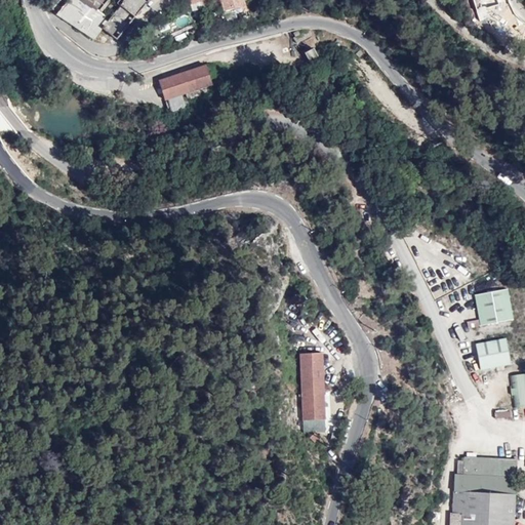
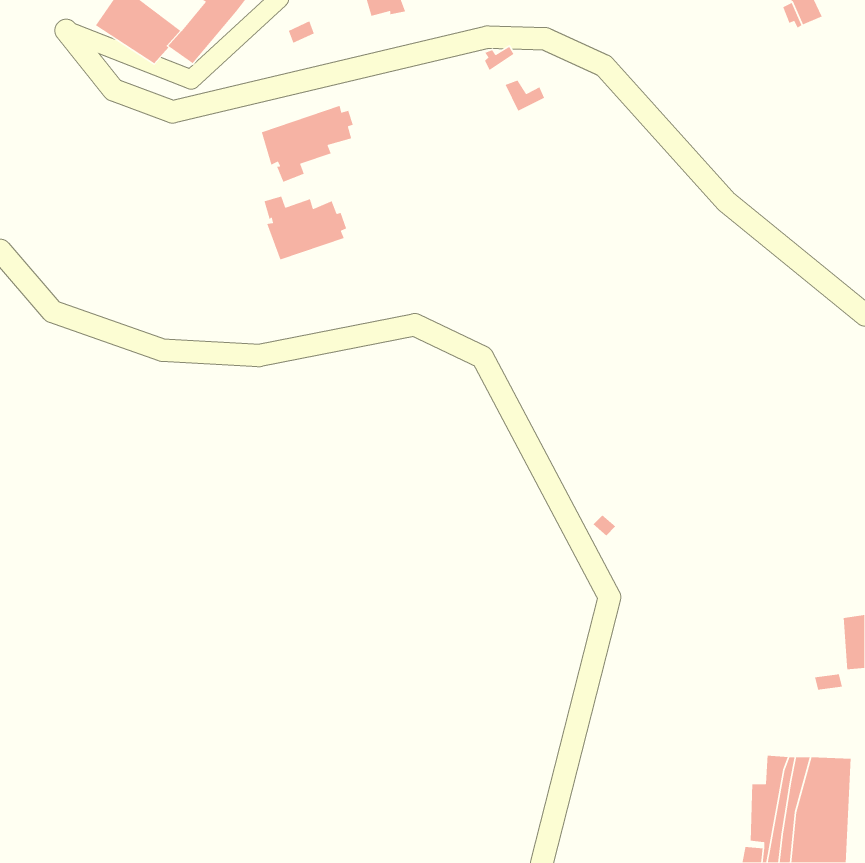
building: none -> [263,196,347,261]
building: [475,288,514,324] -> none
building: [475,336,512,369] -> none
building: [300,353,324,418] -> none

